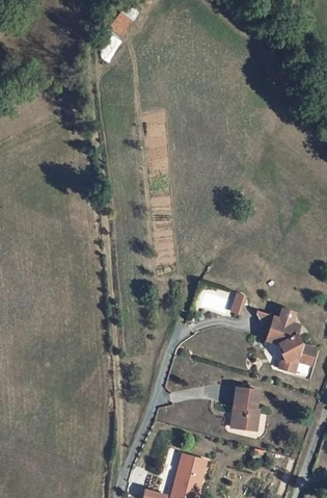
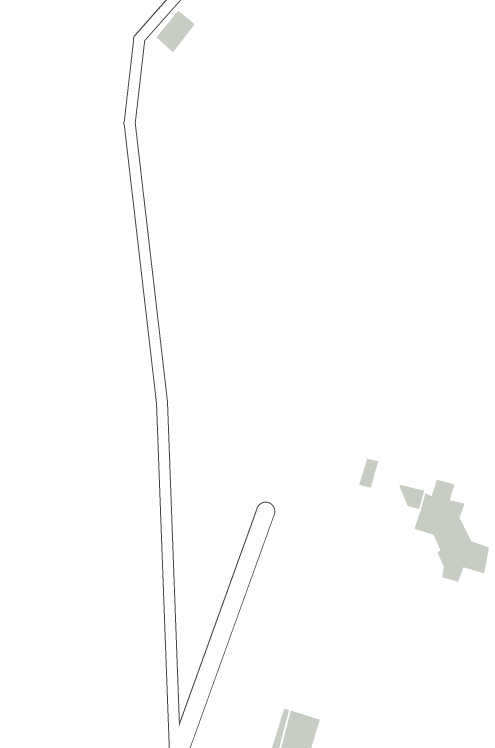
building: [236,390,262,433] -> none

